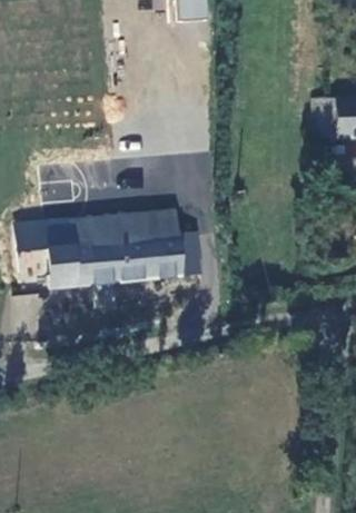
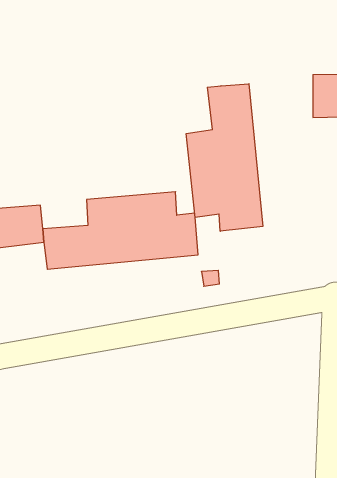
building: none -> [186,84,263,231]
building: [43,219,90,248] -> none

